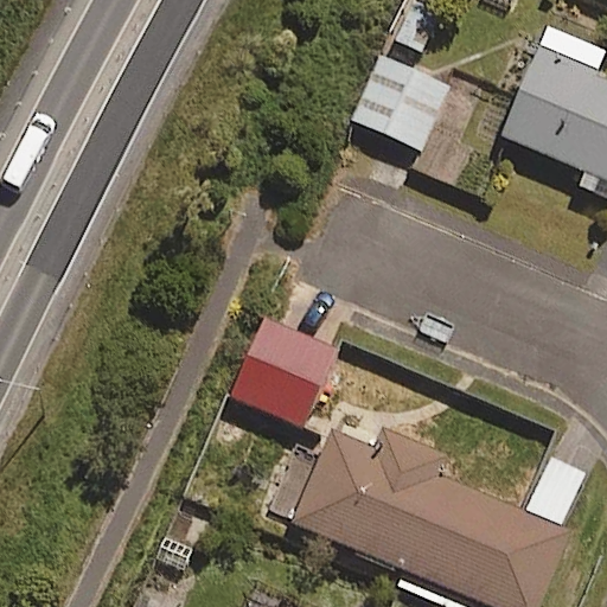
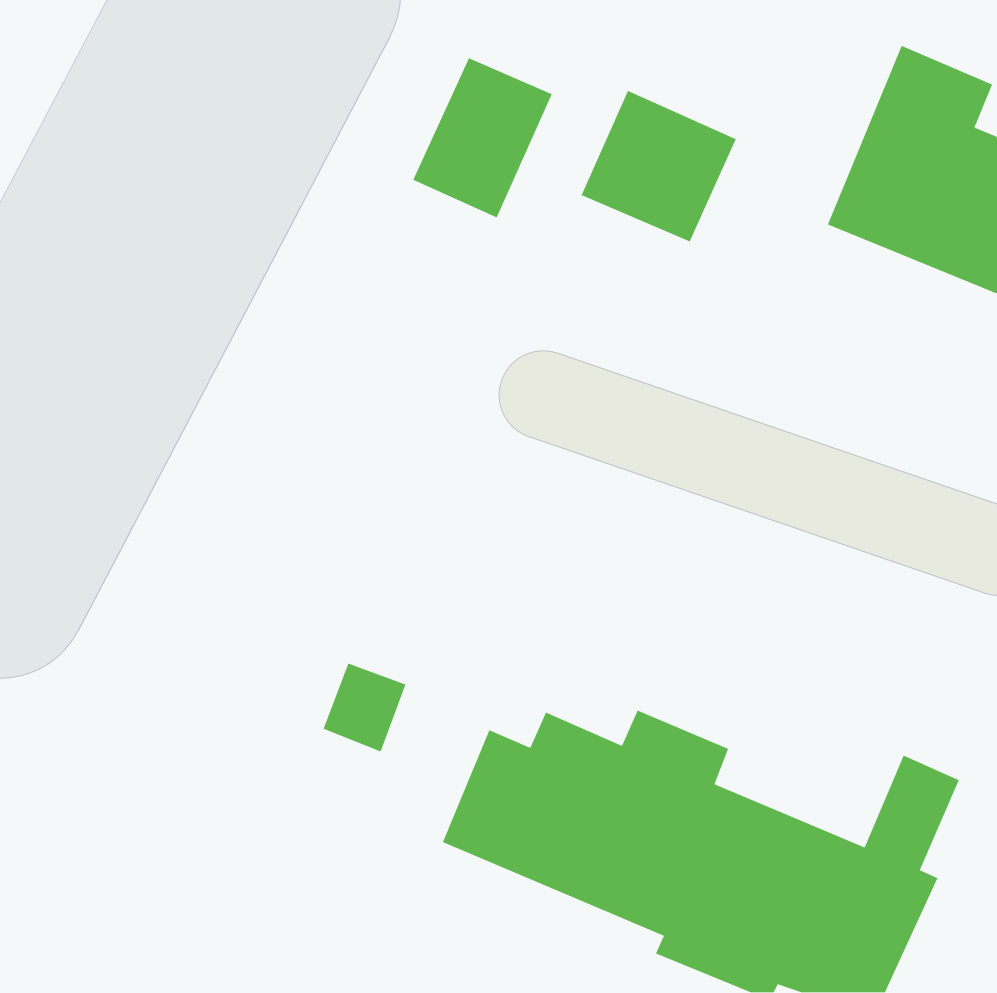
building: none -> [412,57,553,218]
building: [230,314,337,427] -> none

